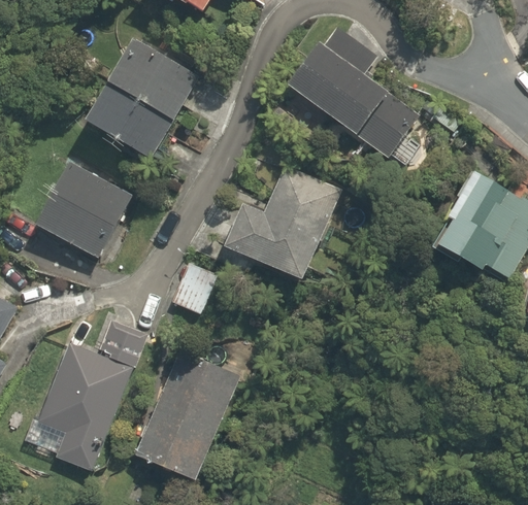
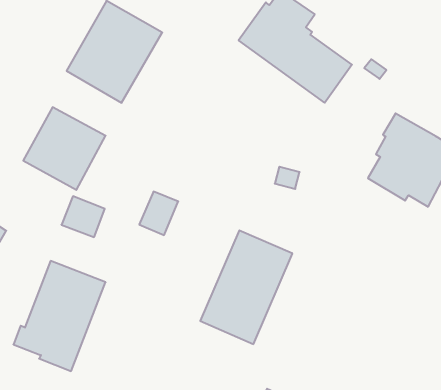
building: [224,164,341,279] -> none
building: [97,318,147,366] -> [61,196,105,237]
building: [134,348,241,480] -> [200,230,292,344]

